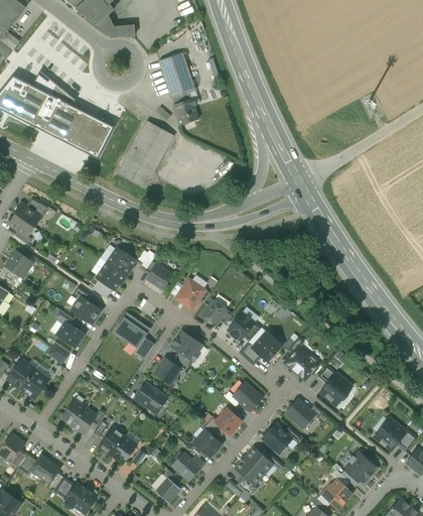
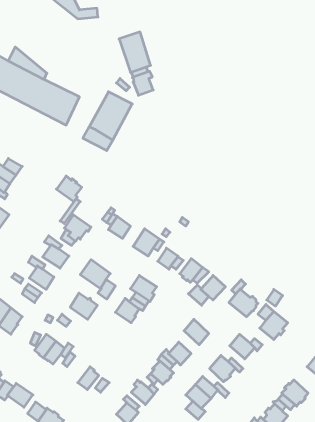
building: [106,247,135,276] -> [56,176,82,201]
building: [135,383,166,413] -> [70,293,97,319]
building: [98,426,125,455] -> none

